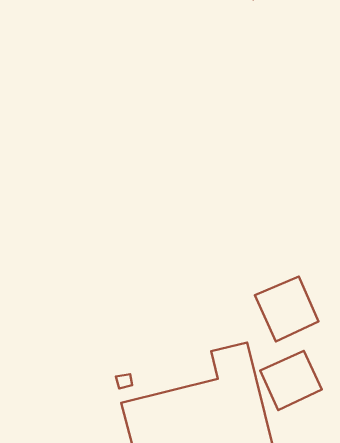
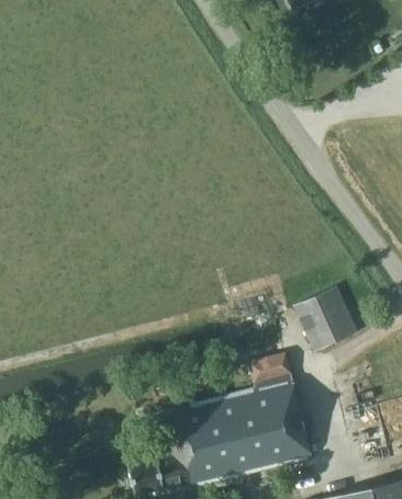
building: [260,351,322,410] -> none

